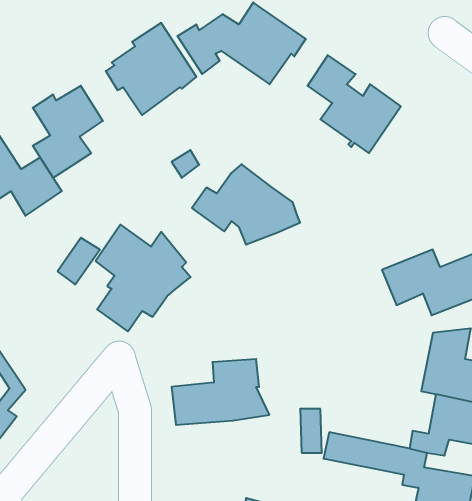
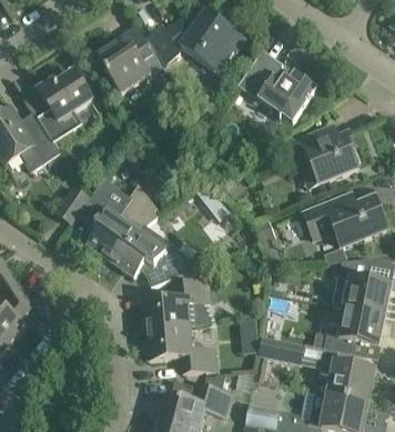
building: none -> [291,128,358,184]
building: [192,164,300,245] -> [110,225,192,287]
building: none -> [146,326,216,372]

